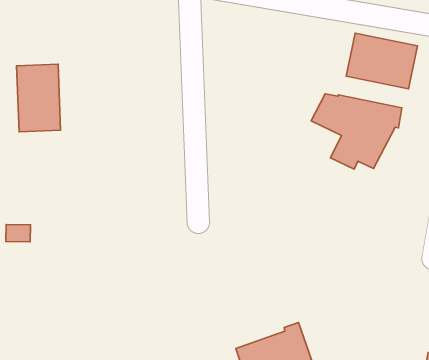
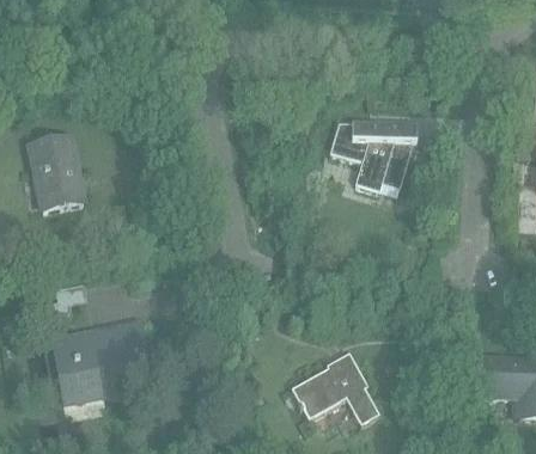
building: [346,33,417,89] -> none
building: none -> [53,325,152,403]

